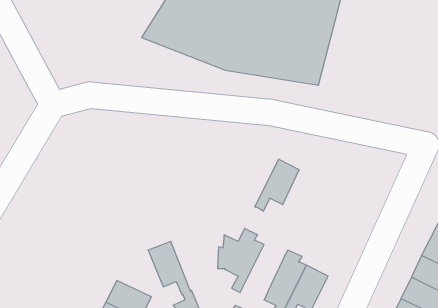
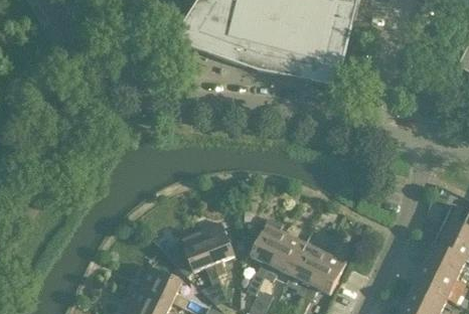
building: [255,159,299,211] -> [266,232,307,281]
building: none -> [201,221,236,276]

